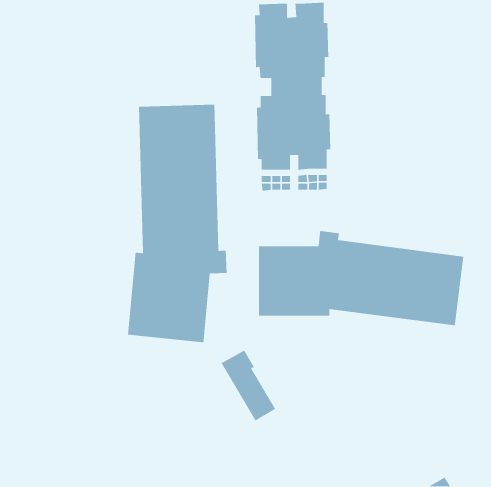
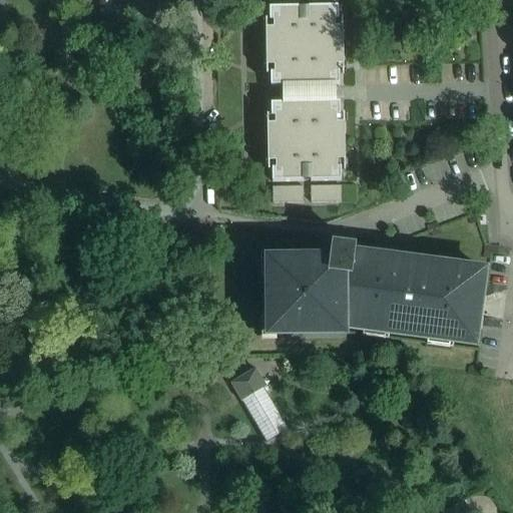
building: [127,104,227,343] -> none

